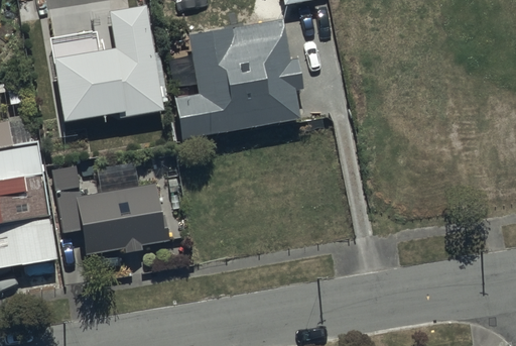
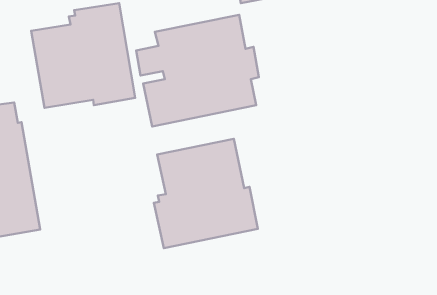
building: none -> [154,139,258,248]
building: [54,179,170,253] -> none

